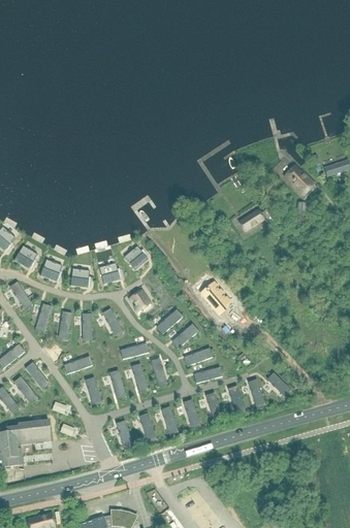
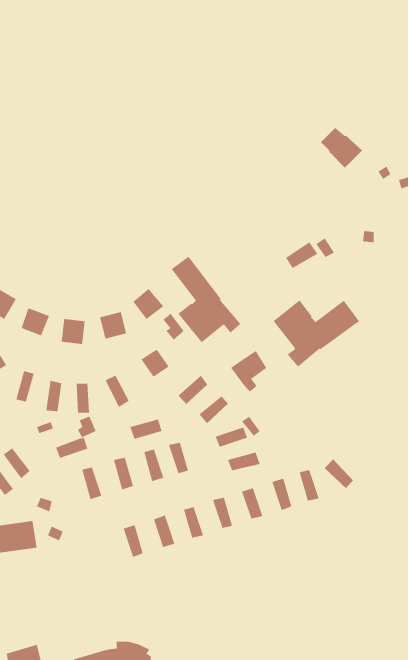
building: [285,165,317,196] -> [320,127,363,168]
building: none -> [171,256,241,343]
building: none -> [273,299,360,368]

